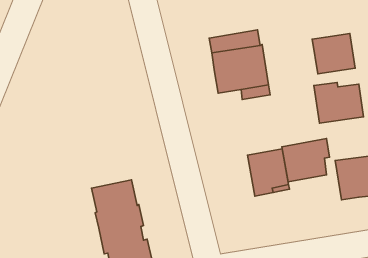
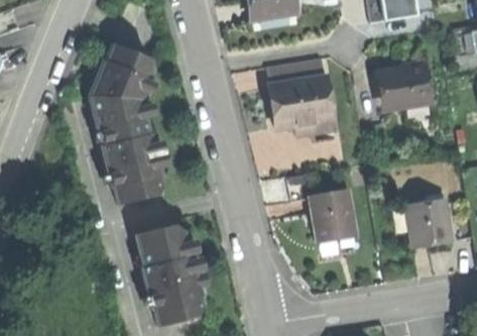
building: none -> [91,44,162,203]
building: [314,82,364,123] -> none
building: [282,139,329,182] -> none

